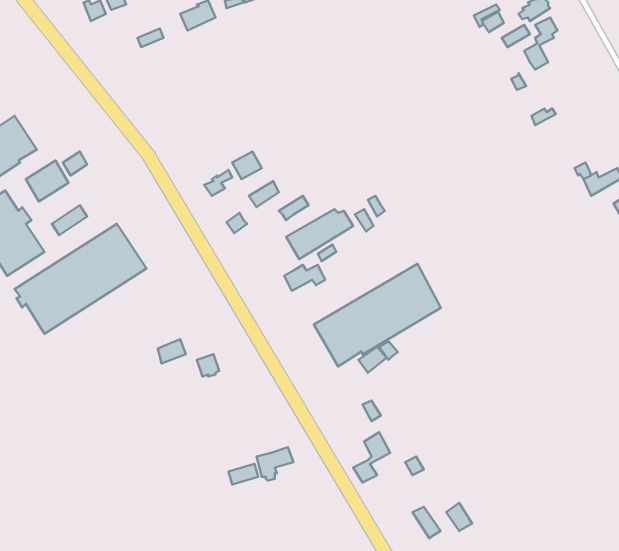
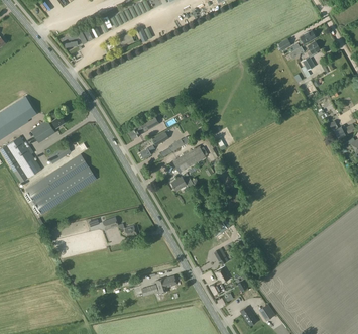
building: [314,264,441,366] -> none

